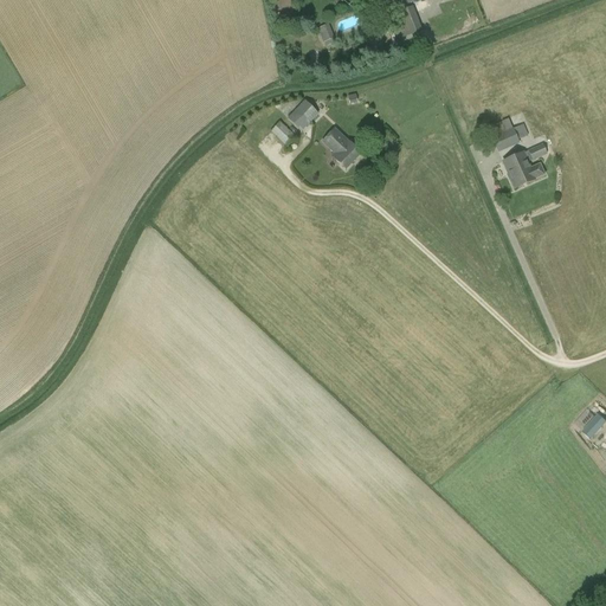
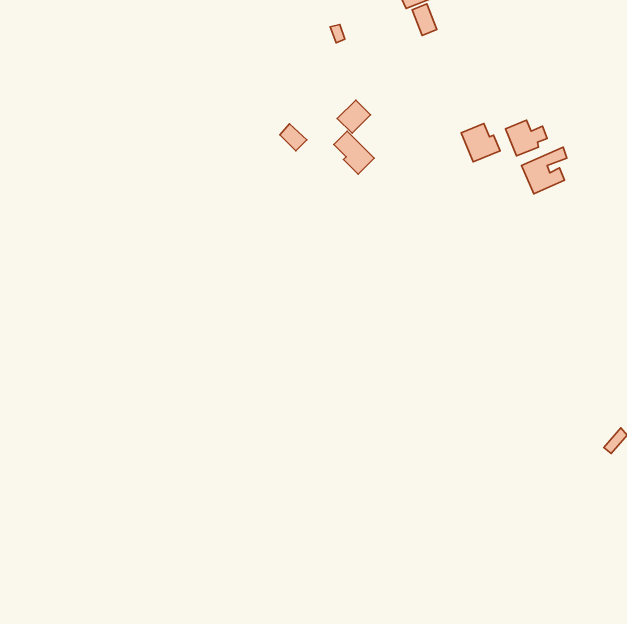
building: [286,98,318,130] -> [337,100,370,133]
building: none -> [461,123,500,162]

